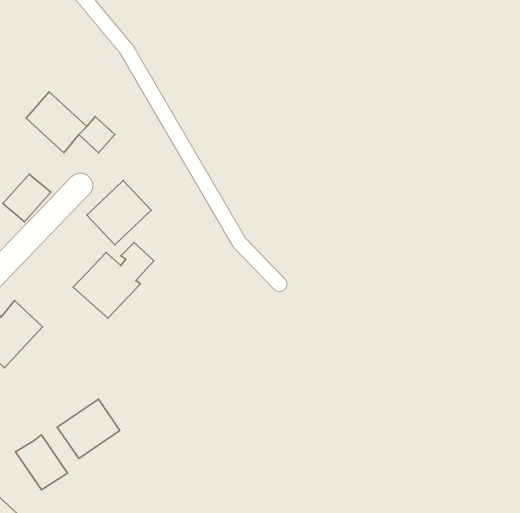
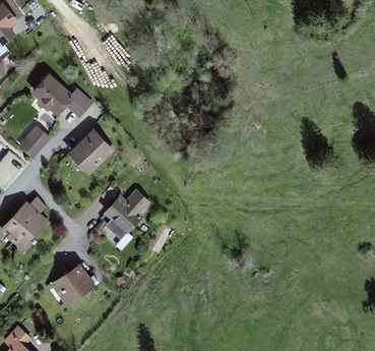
building: [73,243,154,318] -> [99,190,148,237]
building: [15,435,67,490] -> none

